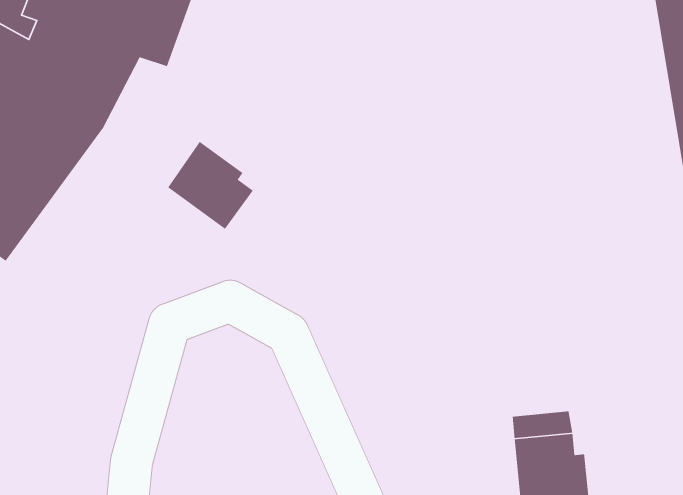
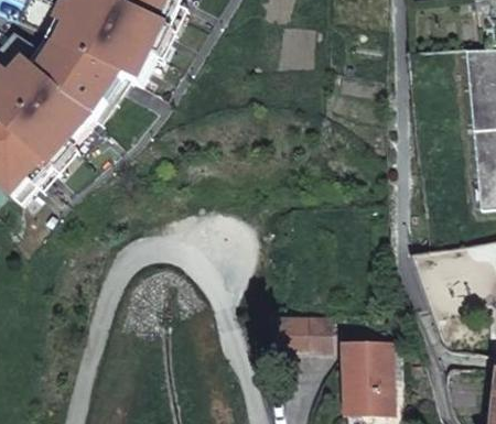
building: [167,141,254,230] -> none
building: none -> [282,312,335,348]

